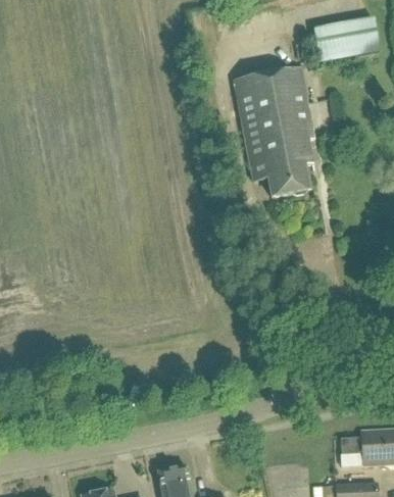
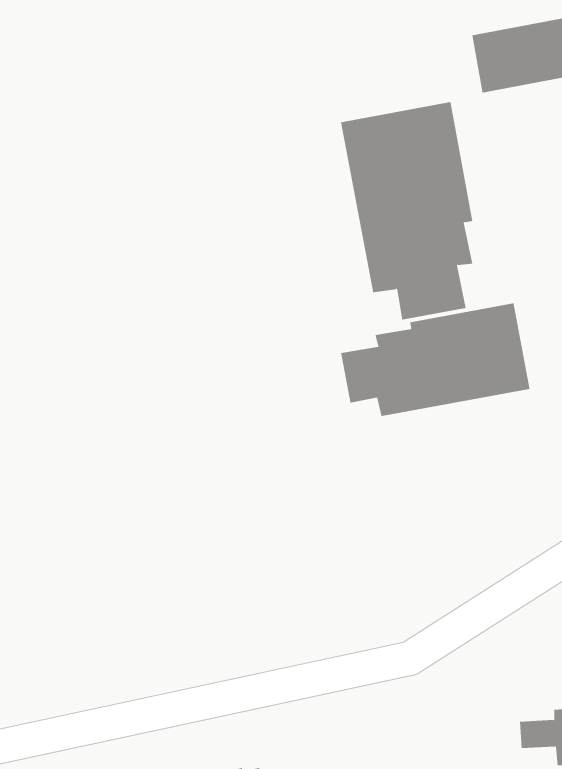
building: none -> [341,302,530,417]

